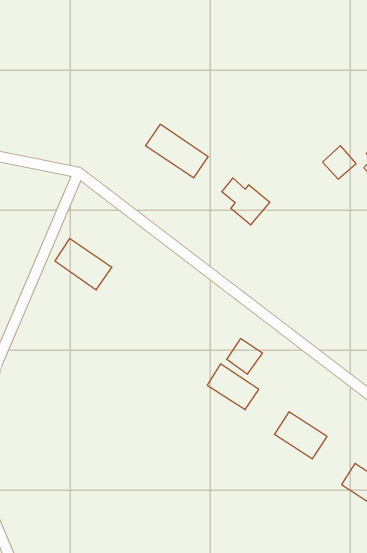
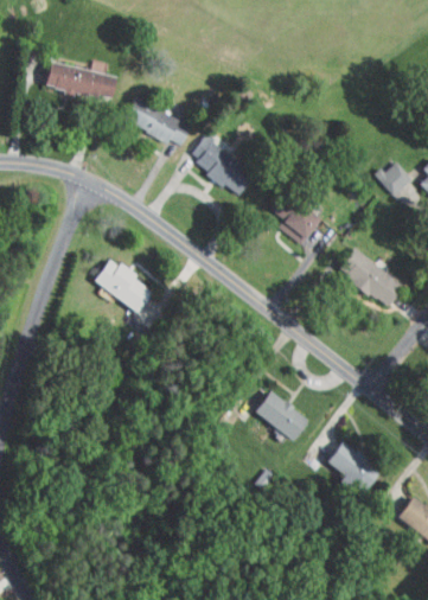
building: none -> [45,63,117,100]
building: none -> [123,98,192,146]
building: none -> [338,248,404,308]
building: [227,339,262,374] -> none

